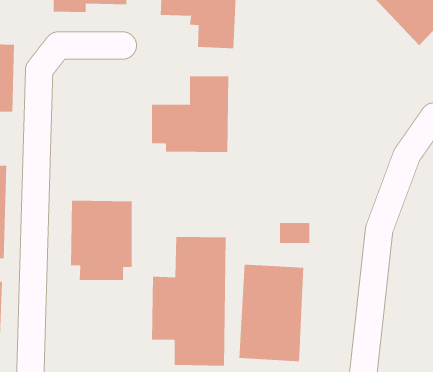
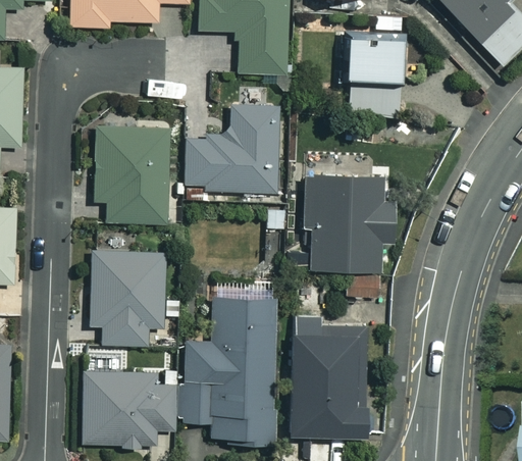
building: none -> [348,38,401,117]
building: none -> [94,123,168,225]
building: none -> [302,174,395,271]
building: none -> [85,353,171,446]

